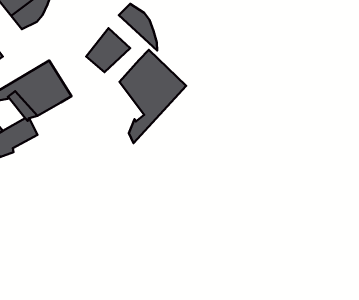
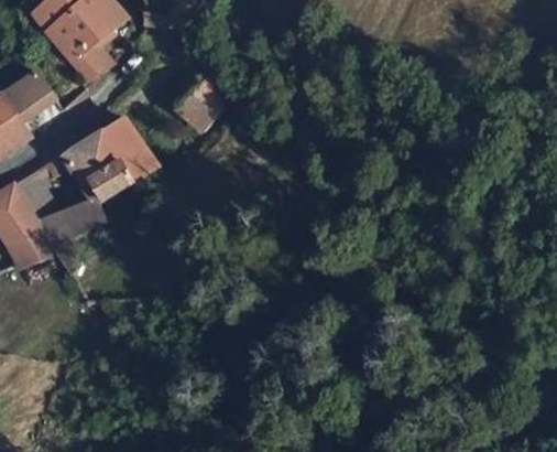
building: [119,4,157,50] -> none
building: [119,50,186,143] -> none

